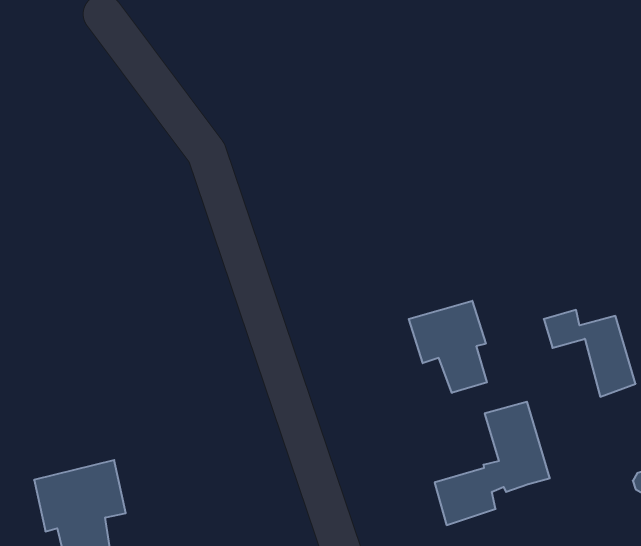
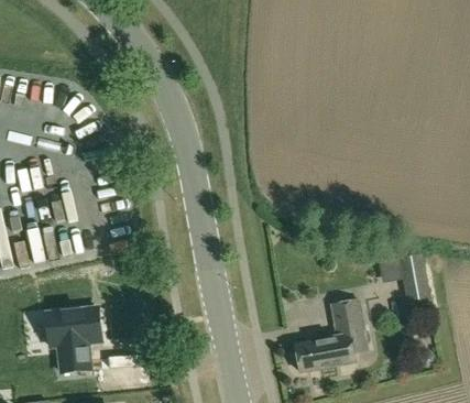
building: [409,301,487,393] -> none

